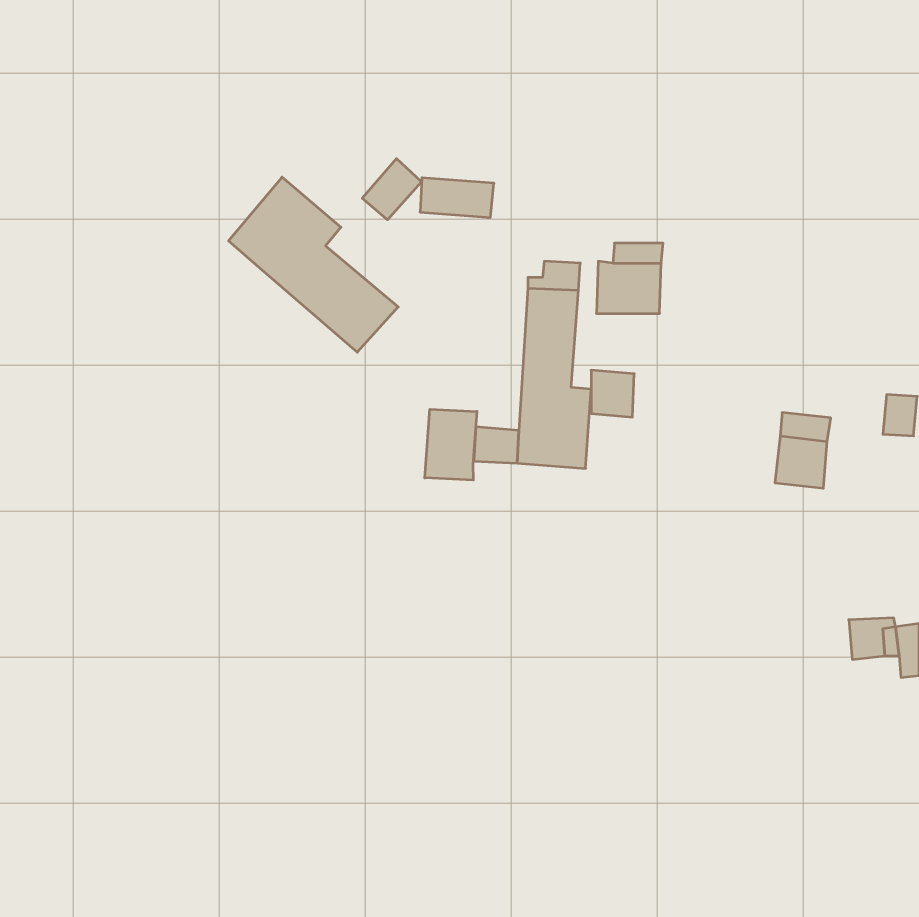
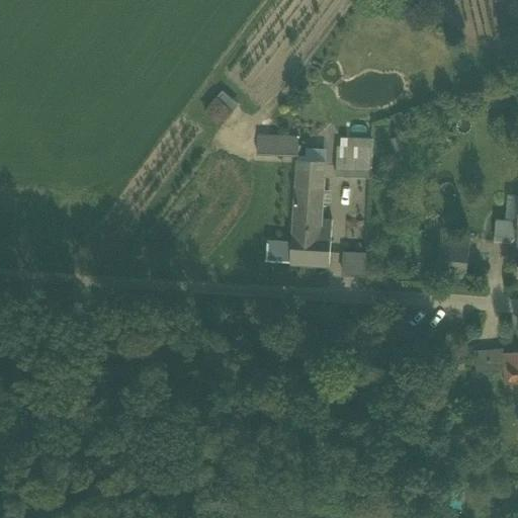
building: [229,177,398,352] -> none
building: [420,178,494,217] -> [257,134,298,156]
building: [591,370,634,417] -> [342,250,366,276]
building: [425,409,477,480] -> none

